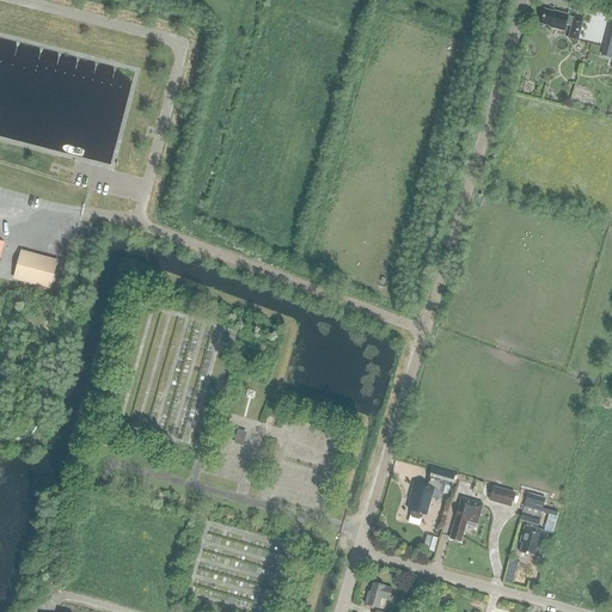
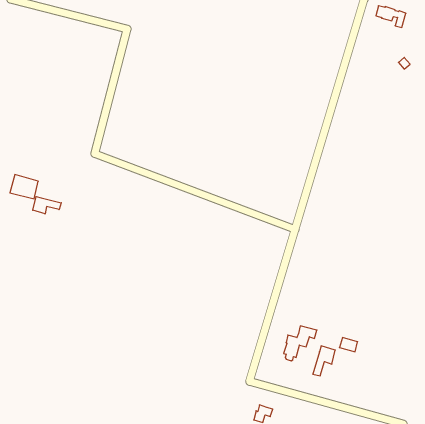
building: none -> [33,197,61,214]
building: [519,502,544,556] -> none

